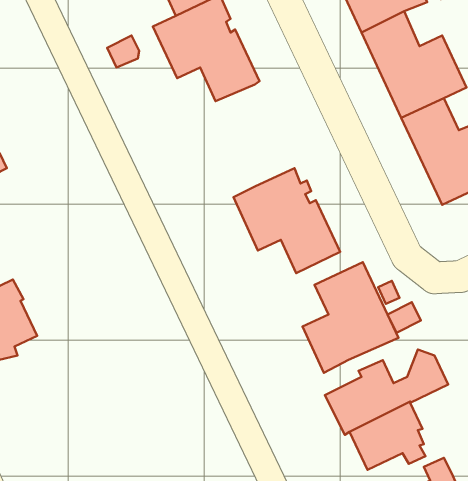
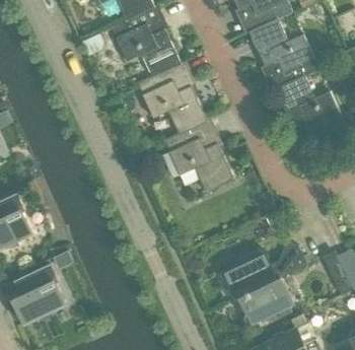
building: none -> [136,65,206,133]
building: [303,262,398,373] -> none
building: none -> [12,265,65,323]

